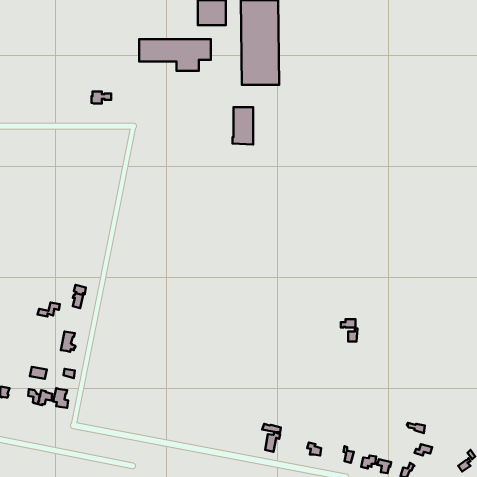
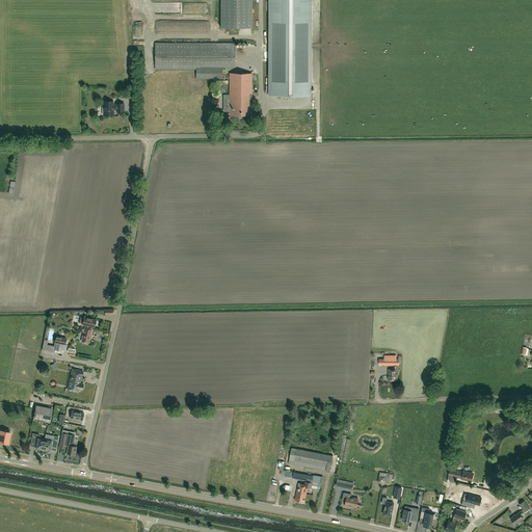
building: [233,107,253,145] -> [229,74,251,115]
building: none -> [289,448,332,472]

